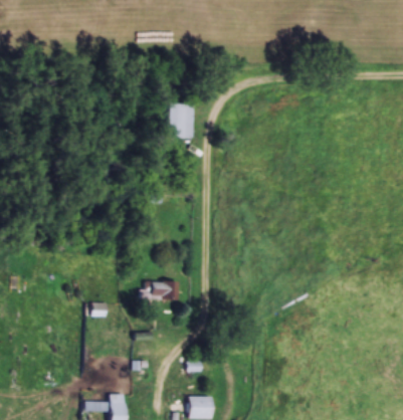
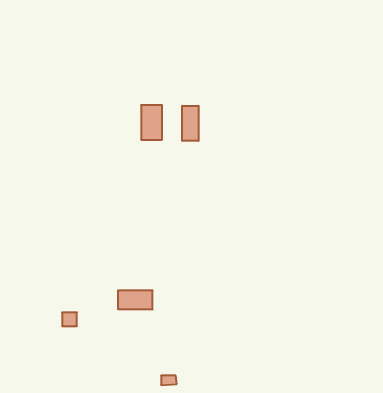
building: none -> [182,106,199,141]

